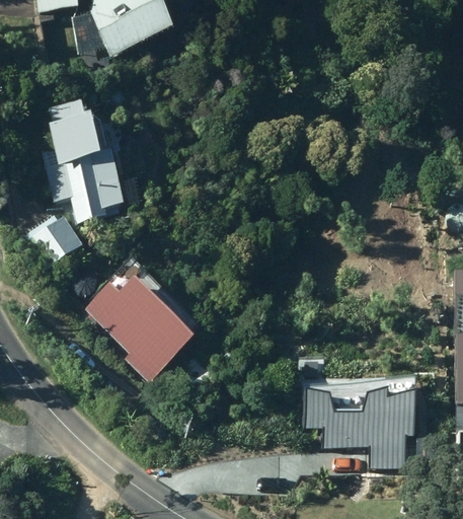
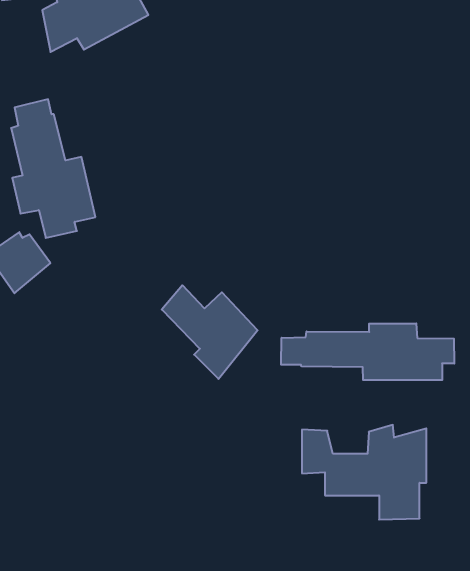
building: none -> [281,323,454,380]
building: [102,297,186,379] -> [162,285,258,379]

